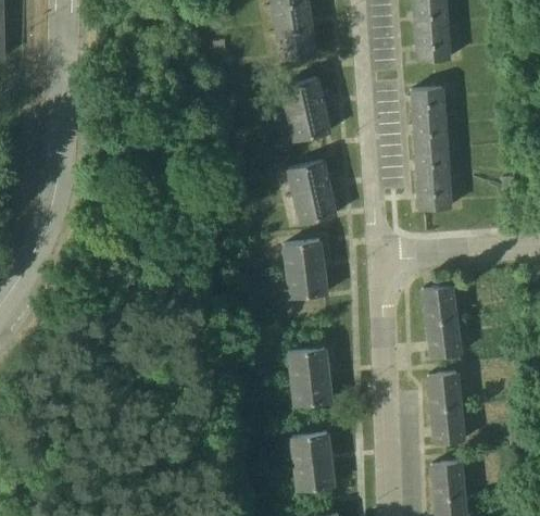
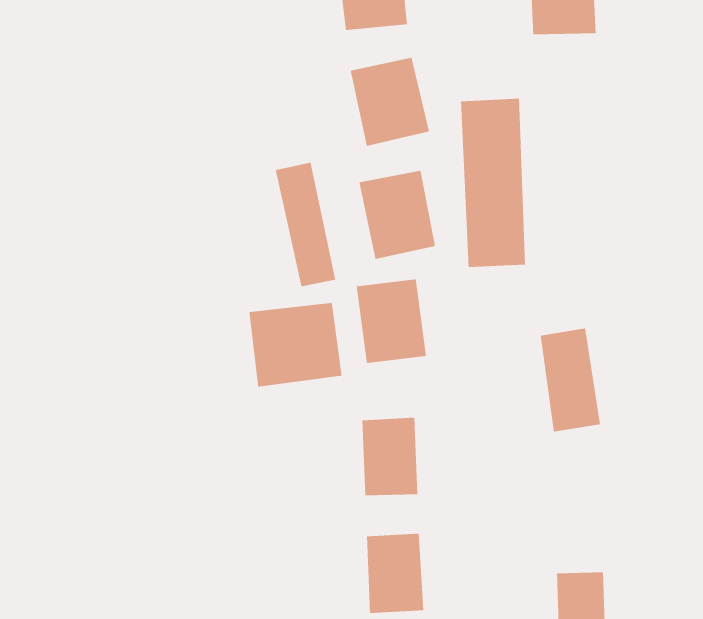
building: [409,89,456,213] -> [460,98,526,268]
building: none -> [275,162,336,287]
building: none -> [249,302,342,387]
building: [426,367,464,439] -> none

